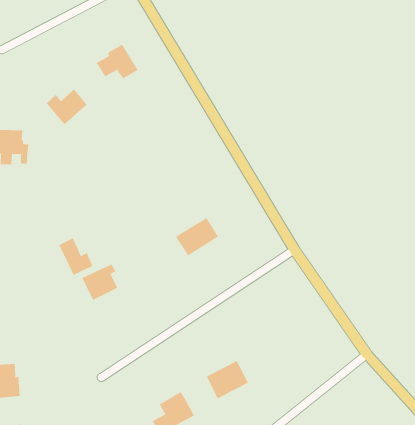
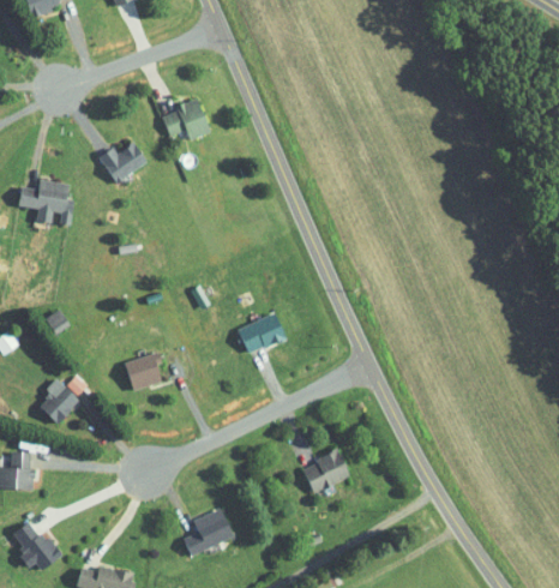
building: [59,238,93,276] -> none
building: none -> [36,377,78,424]
building: [206,360,248,399] -> [299,451,347,493]

